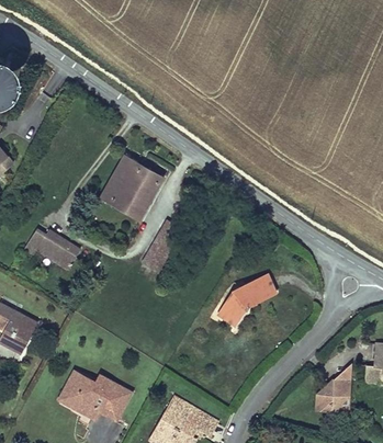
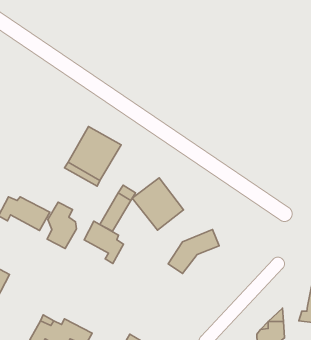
building: none -> [132,178,184,230]
building: none -> [47,202,76,249]
building: none -> [84,221,123,263]

